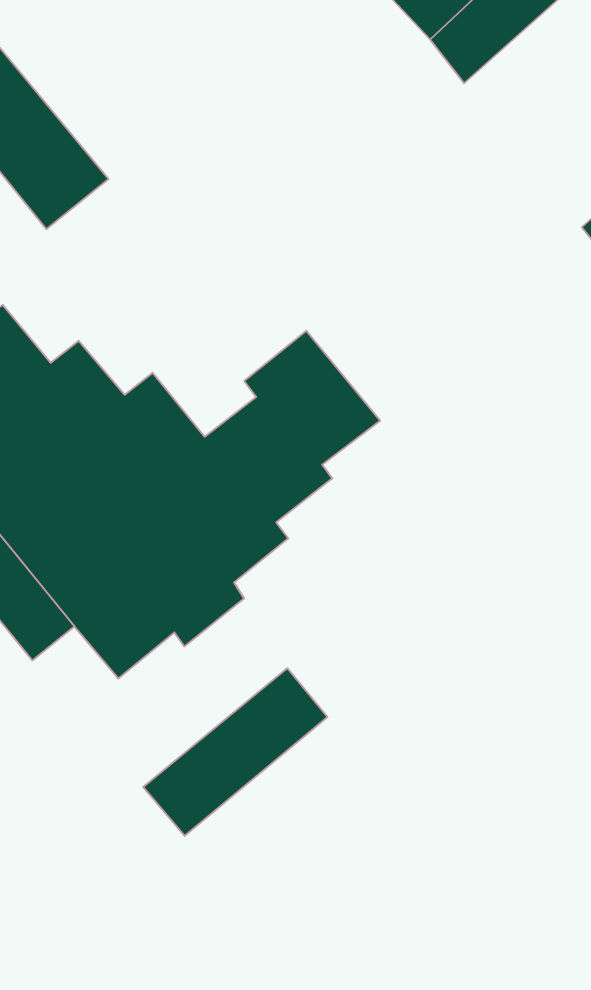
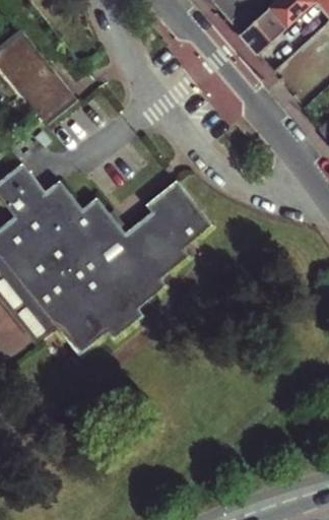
building: [143,668,327,836] -> none

